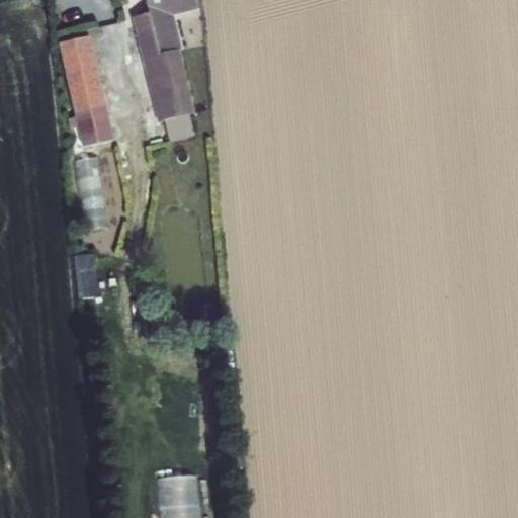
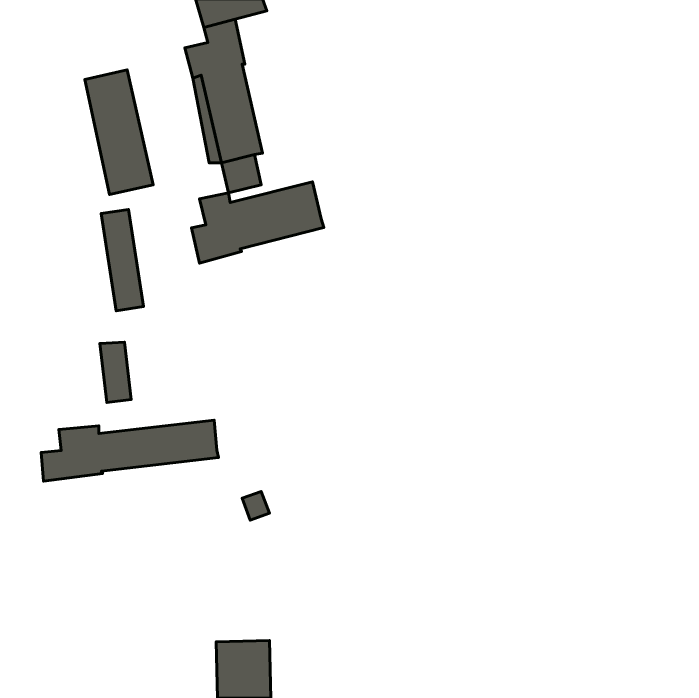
building: none -> [192,182,324,263]
building: none -> [41,420,218,481]

